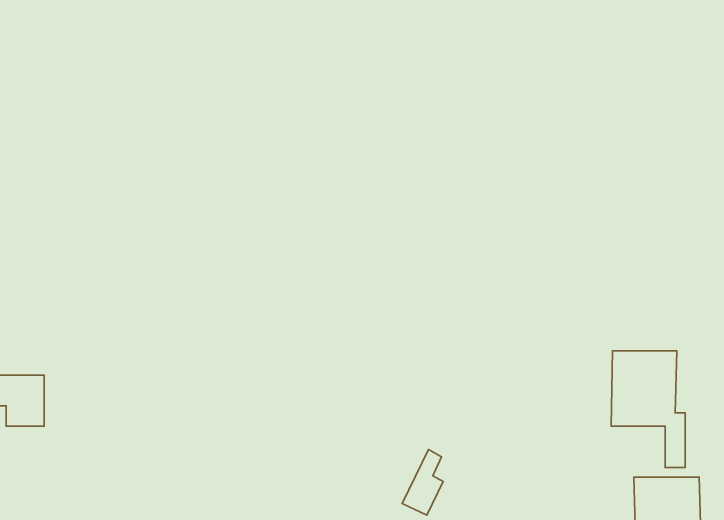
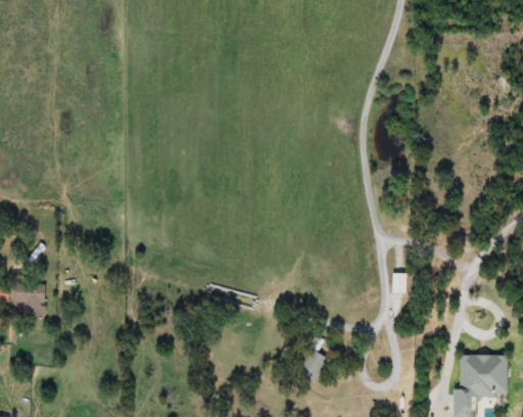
building: [611,351,685,467] -> none

